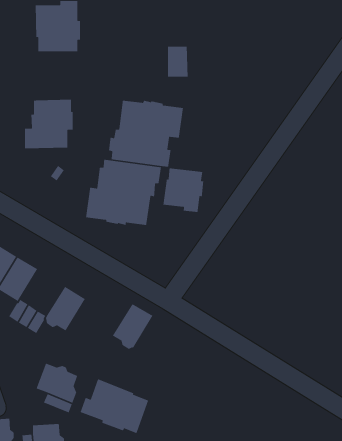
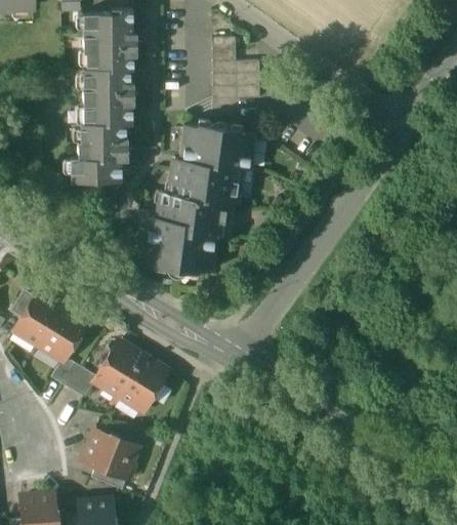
building: none -> [212,38,237,99]
building: none -> [83,70,134,125]
building: [162,168,204,213] -> none
building: [112,303,153,350] -> [119,357,167,411]
building: [80,378,149,434] -> none

